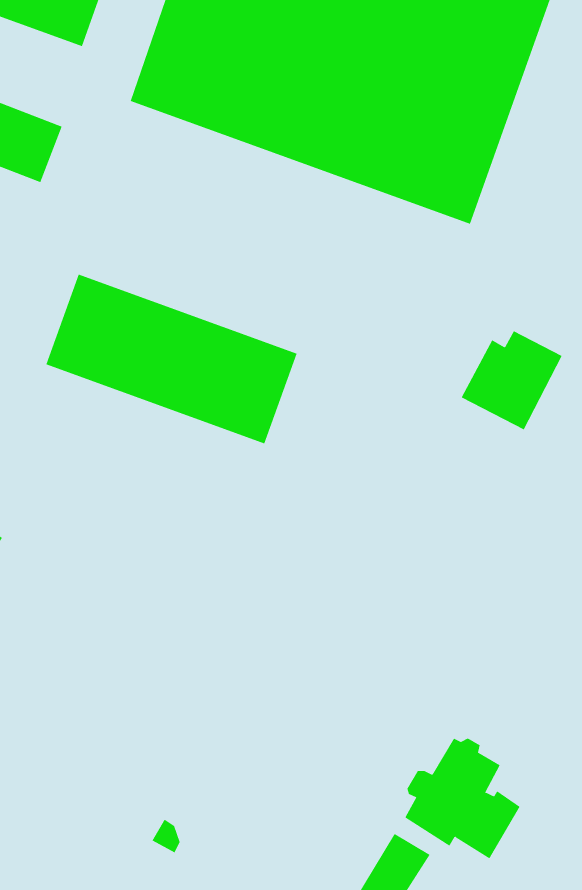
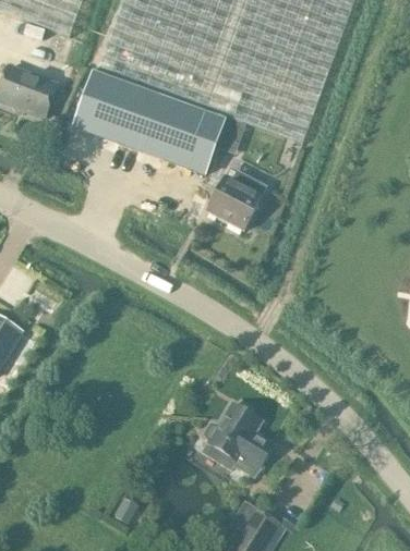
building: [46,274,298,444] -> [73,70,225,172]
building: [461,331,562,430] -> [205,169,266,229]
building: [405,738,521,859] -> [203,403,273,476]

